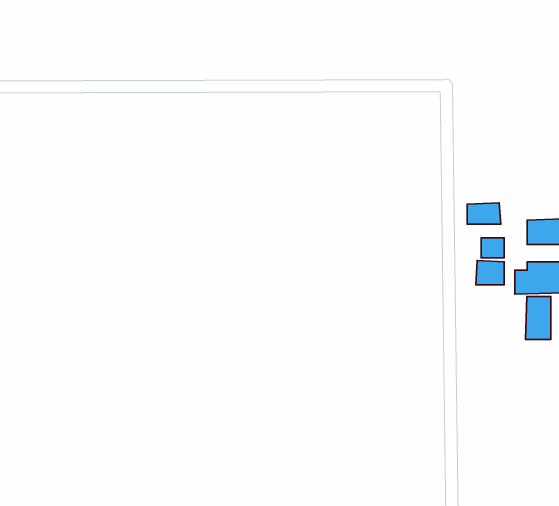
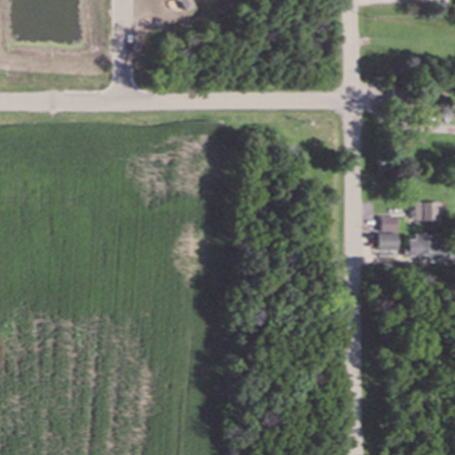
building: [467,203,501,224] -> none
building: [525,296,551,339] -> none

